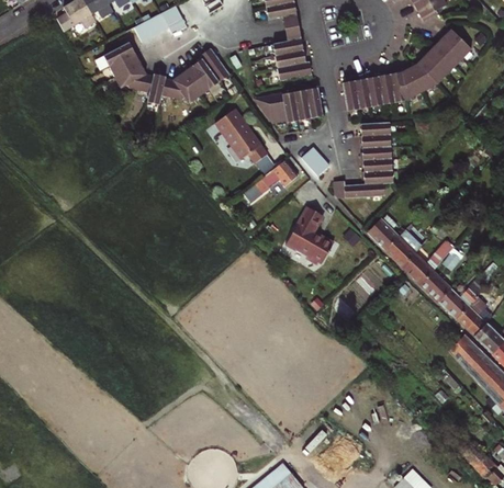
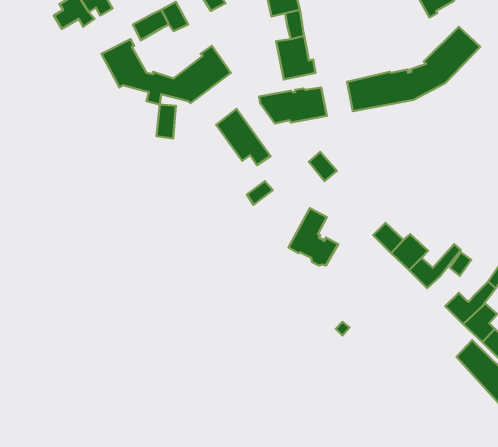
building: none -> [157,104,176,138]
building: [334,122,393,197] -> none
building: [261,159,299,188] -> none
building: [421,271,451,300] -> none

